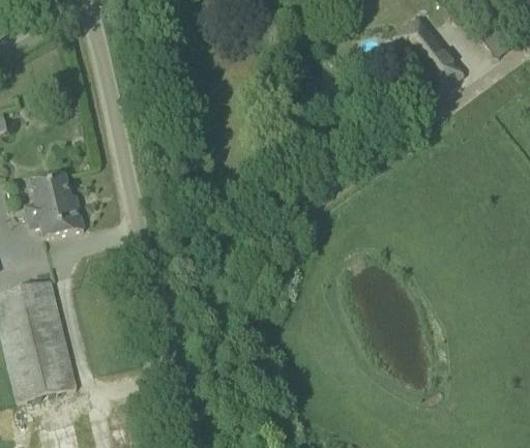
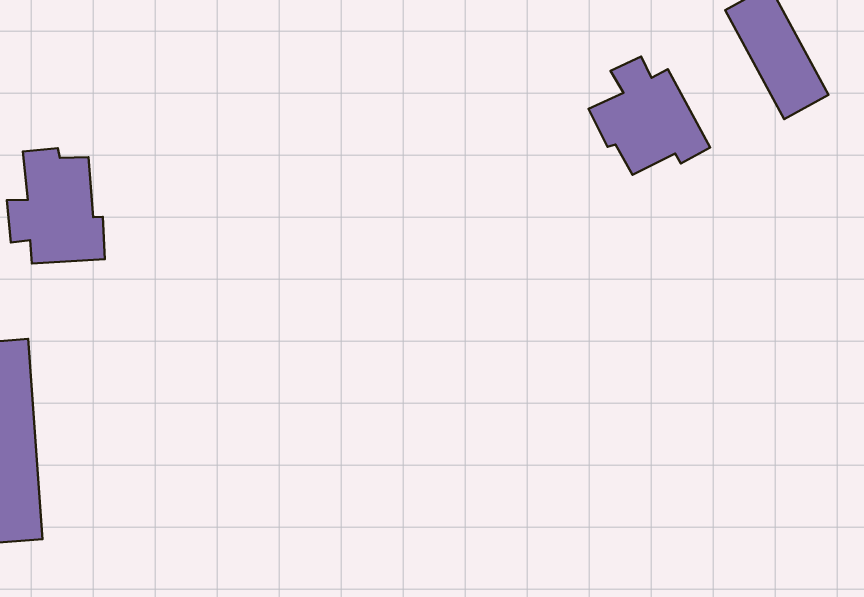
building: none -> [588,56,710,175]

